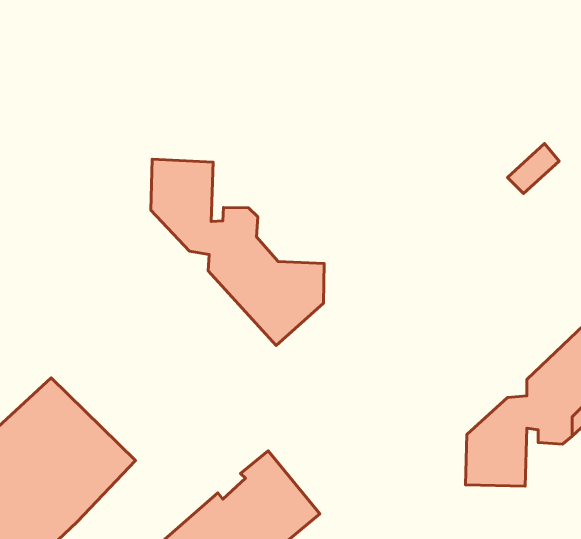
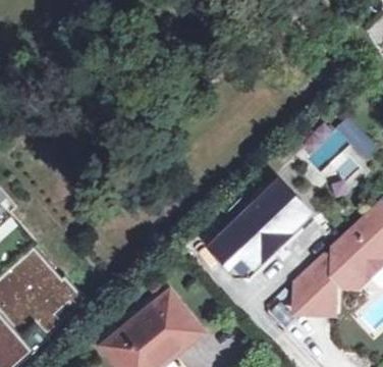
building: [151,159,324,346] -> none
building: none -> [211,182,310,270]

